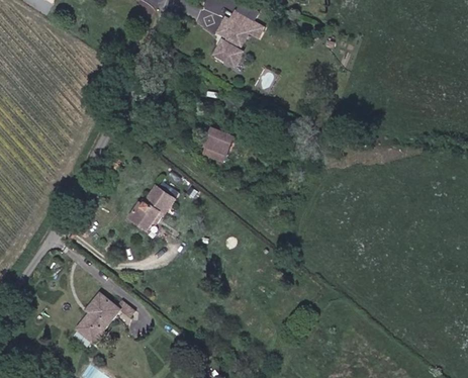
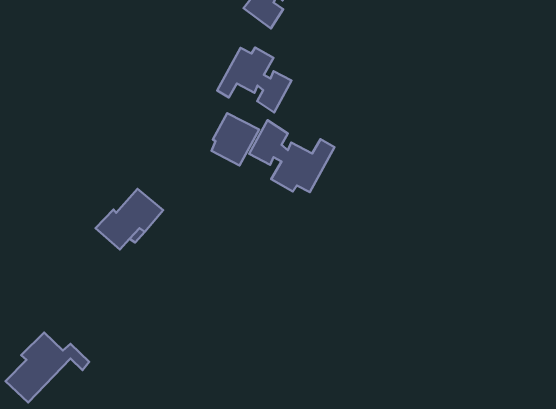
building: none -> [217,47,291,112]
building: none -> [249,120,334,192]

